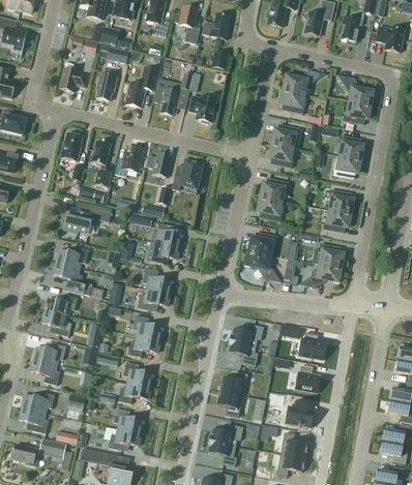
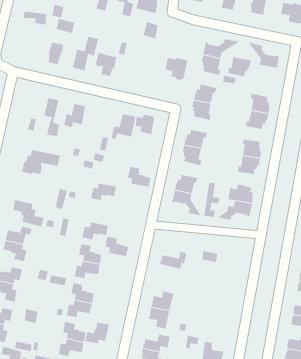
building: [59,61,88,91] -> none
building: [188,95,216,123] -> [165,58,188,81]
building: [343,100,372,124] -> [227,57,252,77]
building: [60,132,82,160] -> none
building: [146,152,171,177] -> [134,114,155,135]
building: [152,221,181,246] -> [127,167,151,187]
building: [56,246,89,267] -> none
building: [143,268,172,293] -> [105,236,129,256]
building: [298,331,325,359] -> none
building: [228,339,258,365] -> none
building: [295,364,319,391] -> none
building: [286,401,314,426] -> none
building: none -> [85,322,110,344]

